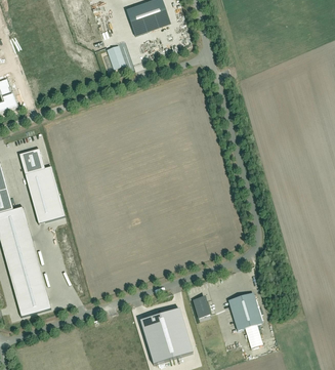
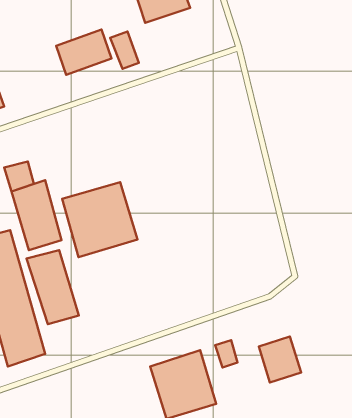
building: none -> [56,30,112,75]
building: none -> [62,182,137,257]
building: none -> [27,250,79,324]

